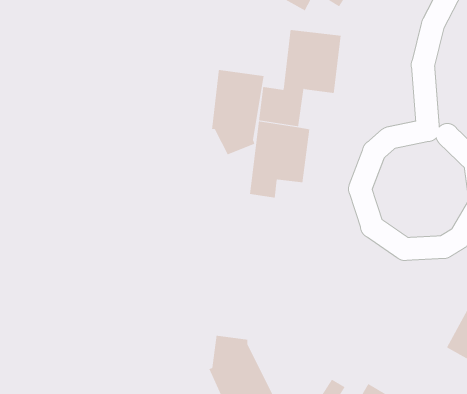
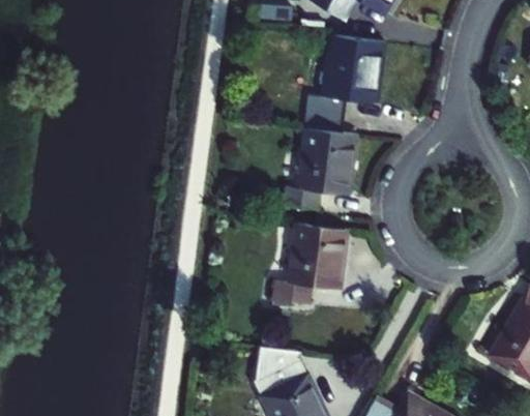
building: [212,69,264,155] -> none
building: none -> [257,221,344,306]

